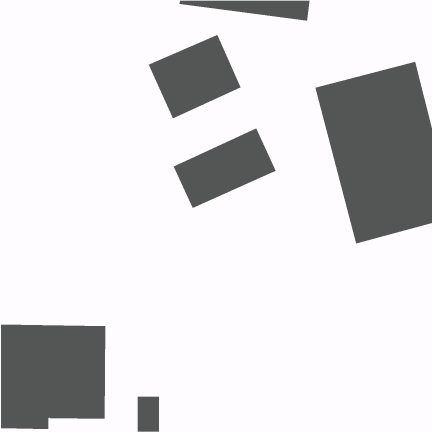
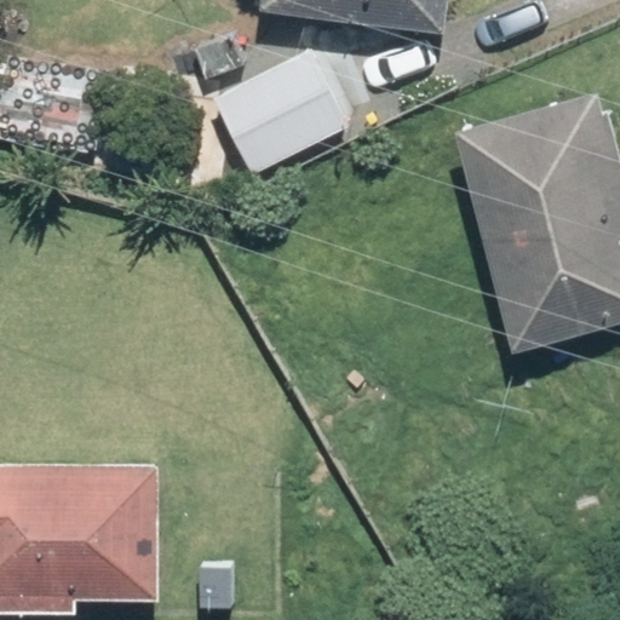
building: [173,128,276,209] -> none

